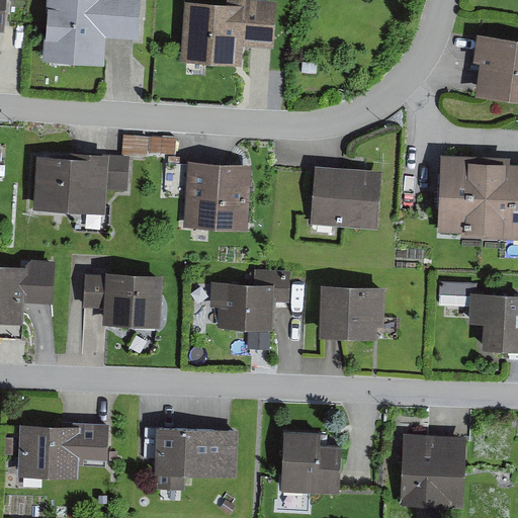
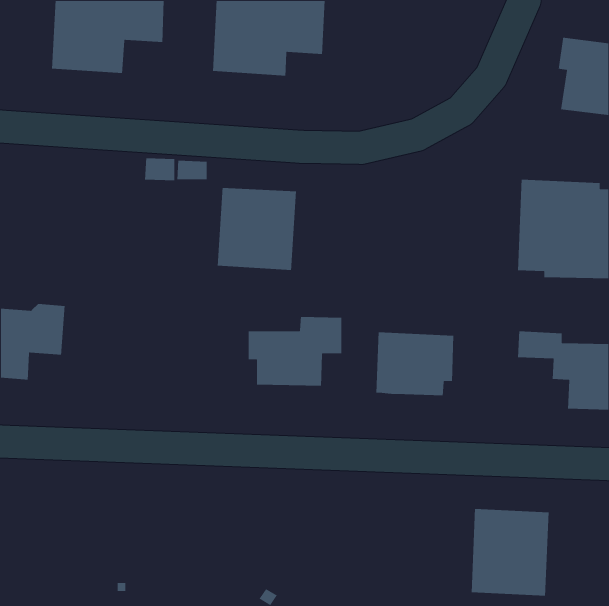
building: [31,153,130,217] -> none
building: [311,167,382,232] -> none
building: [83,271,164,329] -> none
building: [18,423,109,480] -> none
building: [144,427,239,493] -> none
building: [281,432,341,494] -> none

